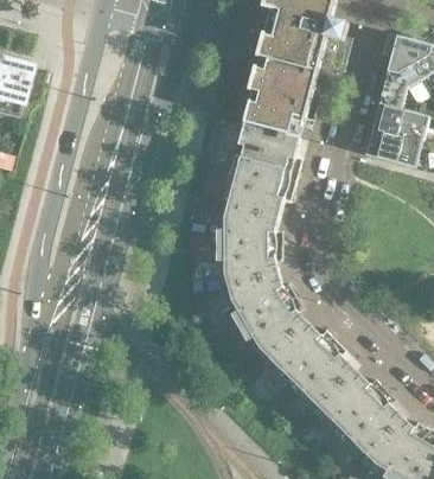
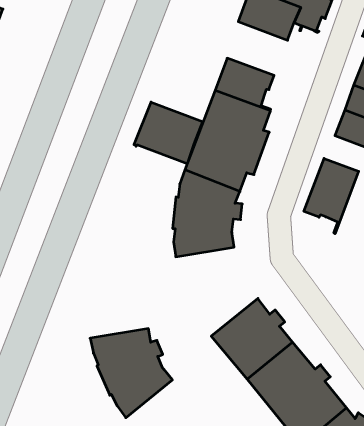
building: [251,52,311,101] -> none
building: none -> [134,102,202,164]
building: none -> [304,158,359,234]
building: [224,272,308,360] -> [90,329,172,418]

